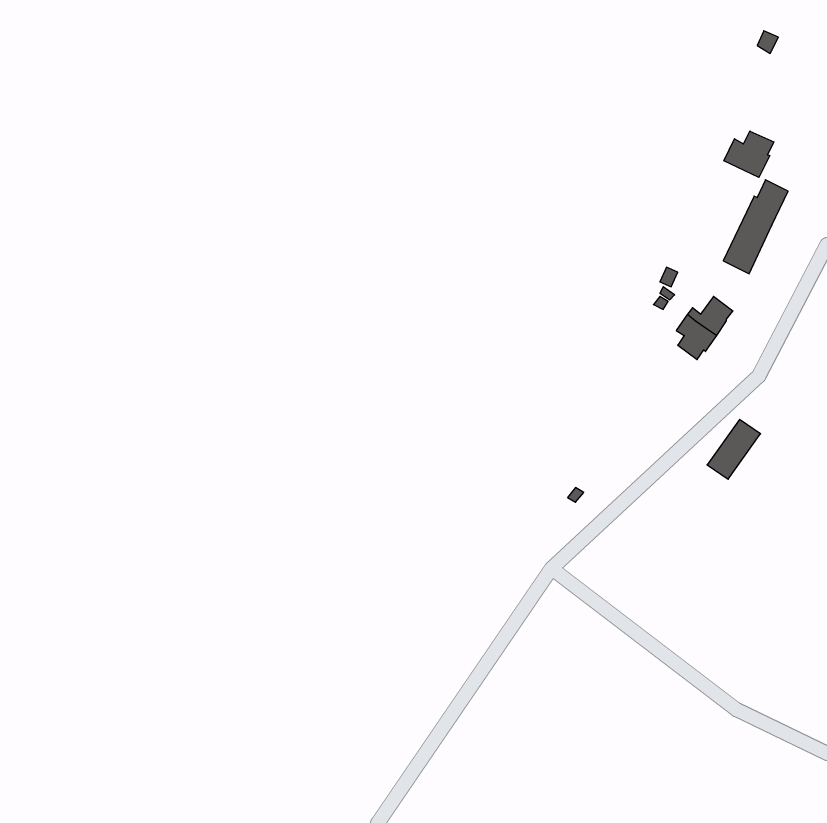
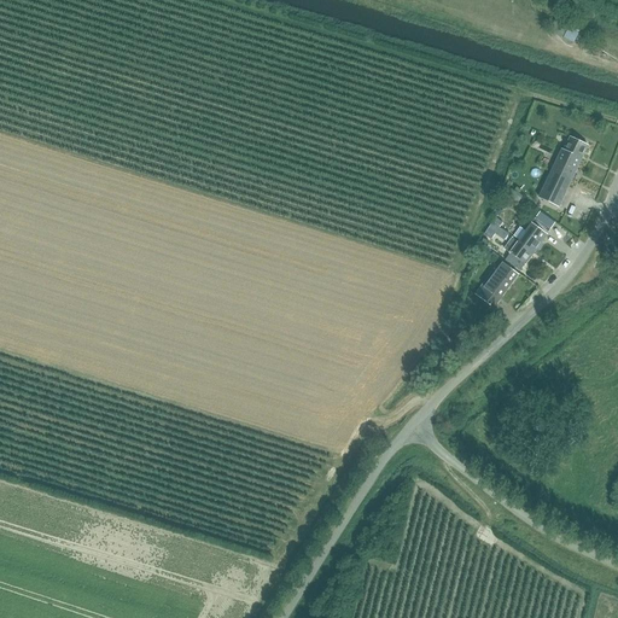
building: [724,131,774,177] -> none
building: [707,419,761,479] -> [477,261,517,305]

